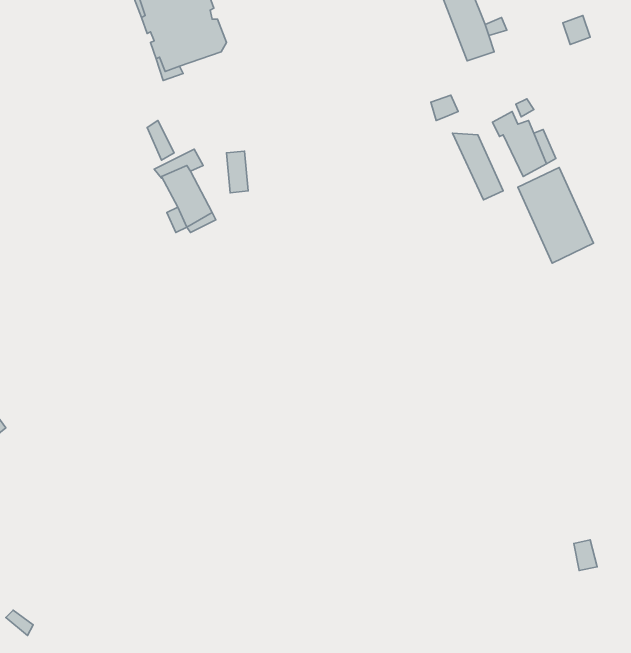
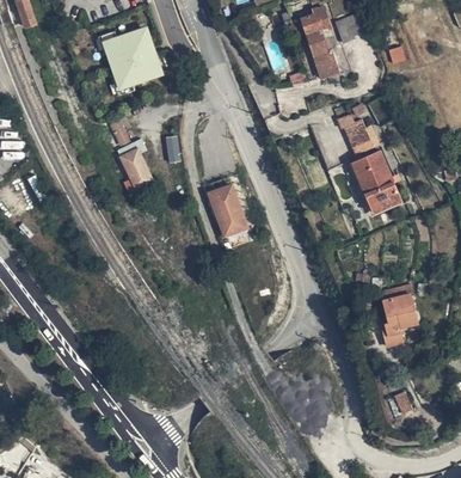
building: none -> [207,185,245,235]
building: none -> [385,295,420,349]

